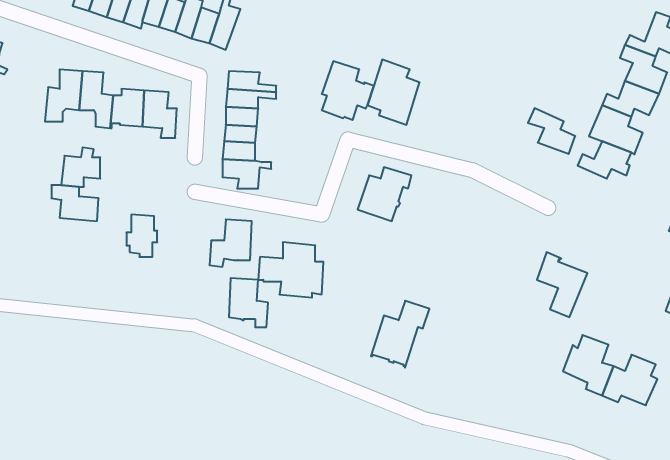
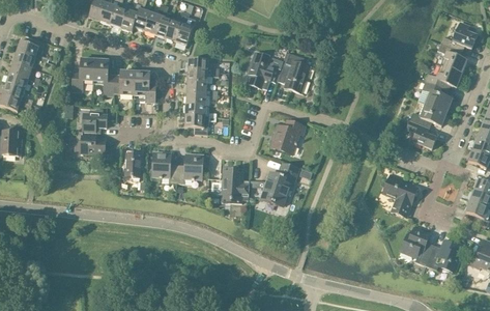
building: [528,108,575,154] -> [406,119,436,148]
building: [229,278,268,327] -> [152,151,177,182]
building: [371,301,430,368] -> [261,164,298,206]

